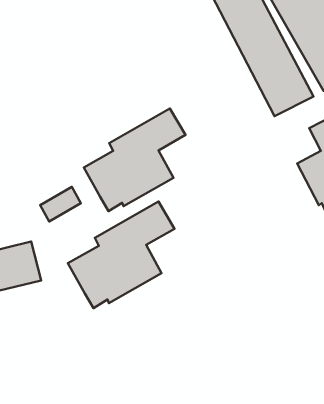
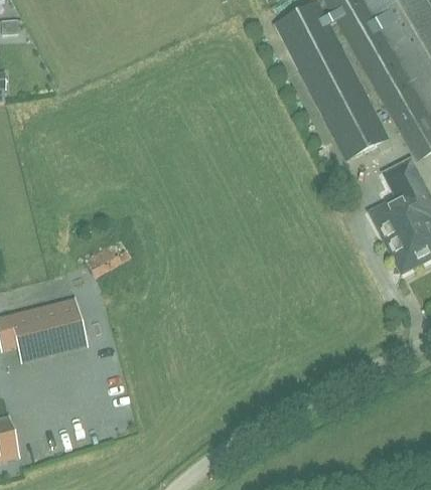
building: [84,108,186,211] -> none
building: [68,201,175,308] -> none

